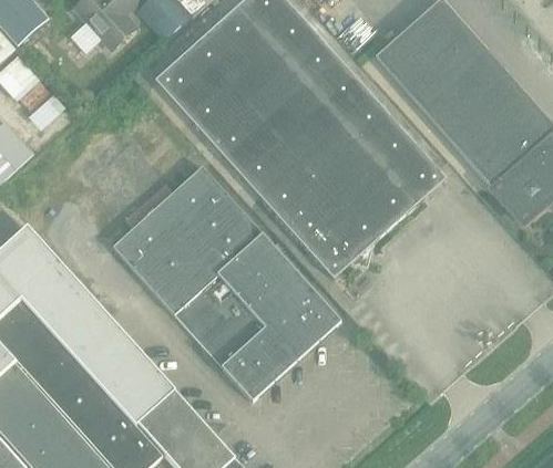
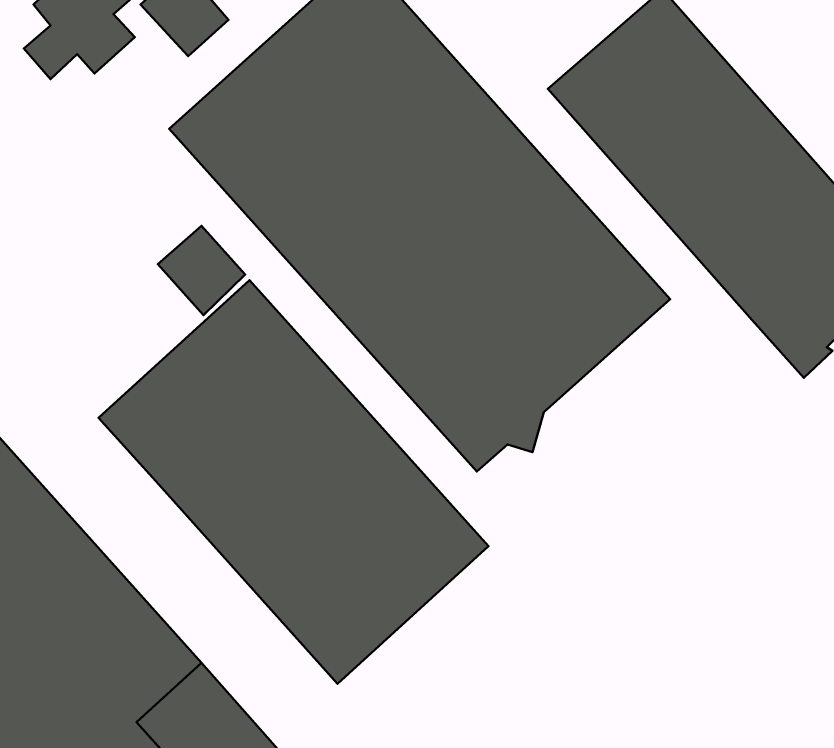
building: none -> [158,226,245,315]

